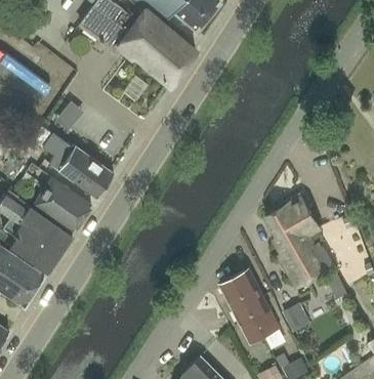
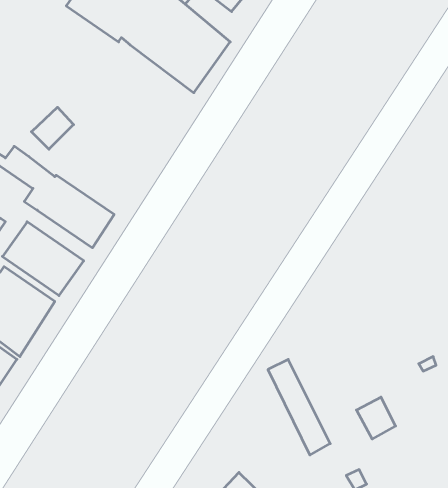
building: [265,197,334,289] -> none
building: [235,269,280,336] -> none

